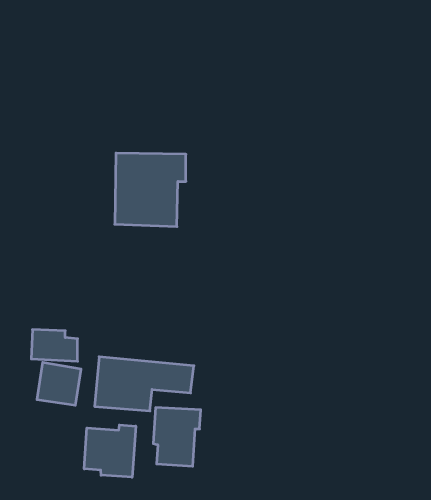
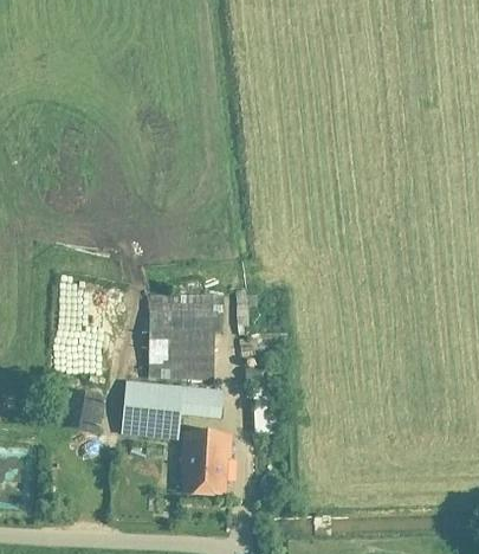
building: [115,153,186,227] -> [149,302,224,379]
building: [84,425,136,477] -> none

